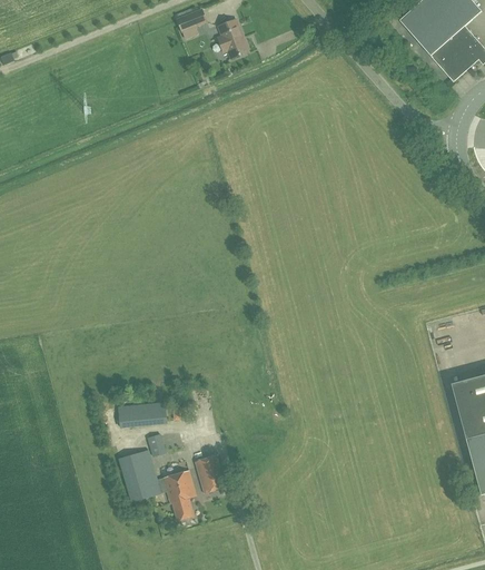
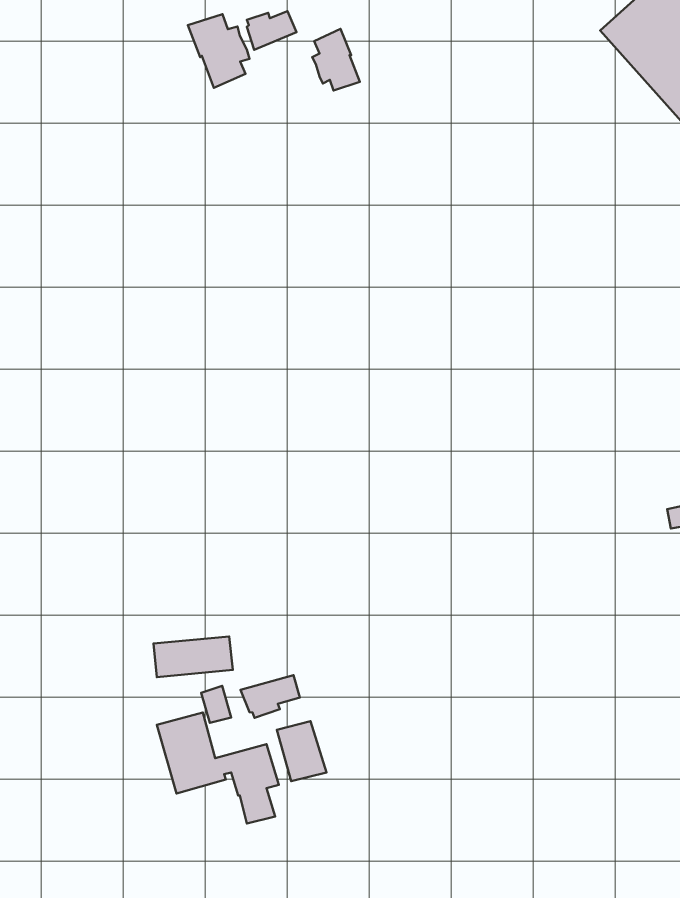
building: none -> [188,14,250,88]
building: none -> [241,675,300,718]

